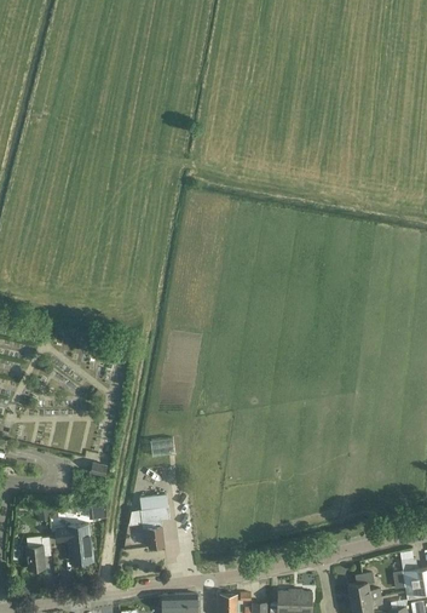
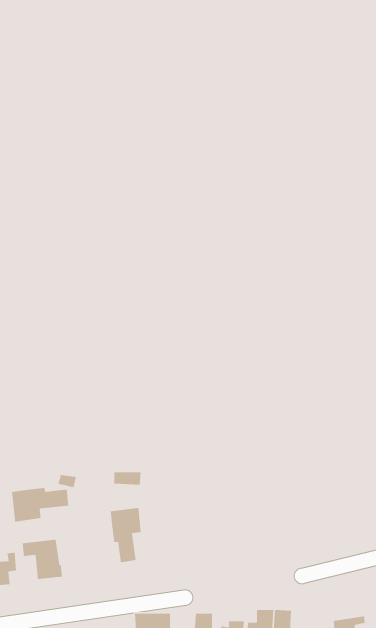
building: none -> [11,487,69,522]
building: [348,573,381,603] -> none

